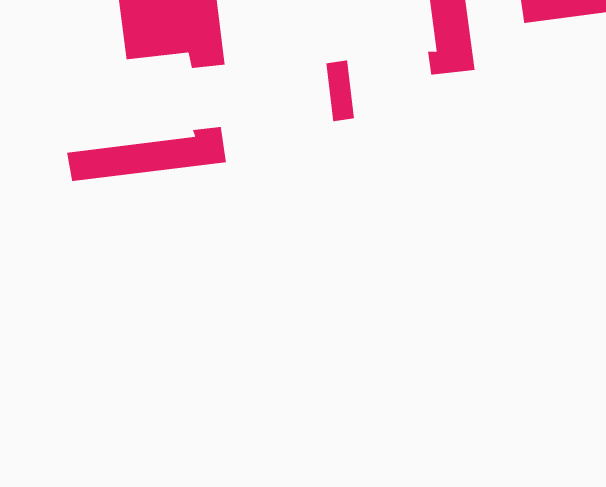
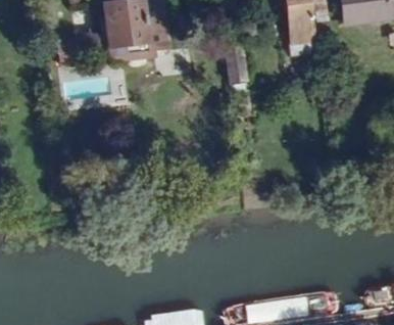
building: [67,126,227,182] -> none

